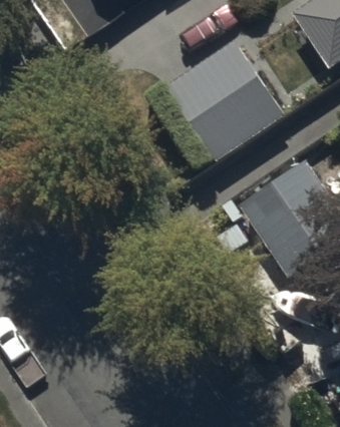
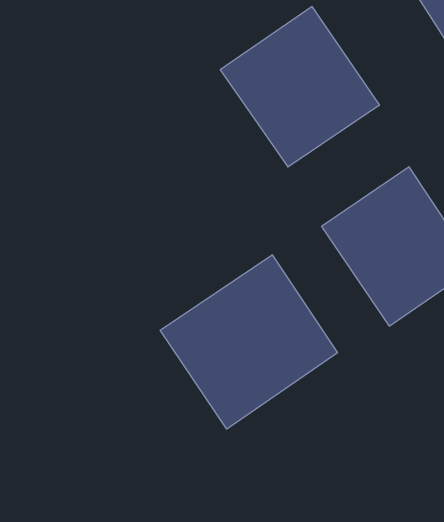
building: none -> [160,255,337,429]

